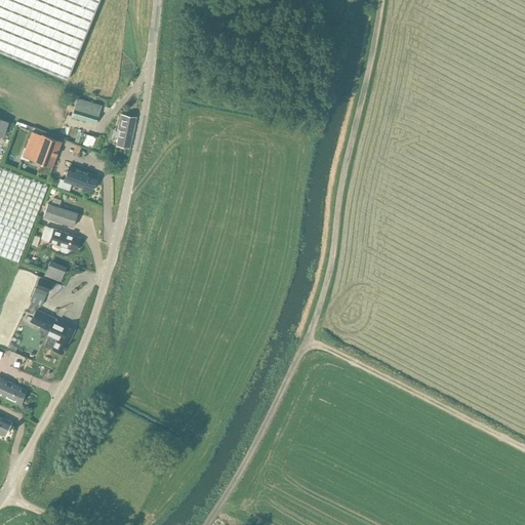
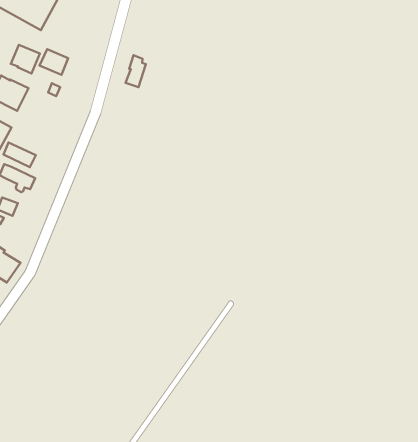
building: none -> [11,45,40,73]
building: [115,114,134,148] -> [125,55,146,87]
building: [56,167,95,191] -> none

